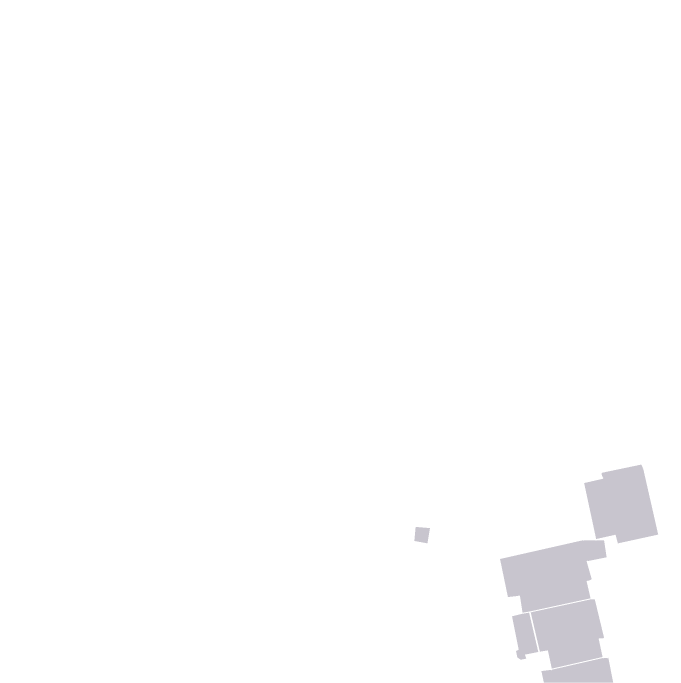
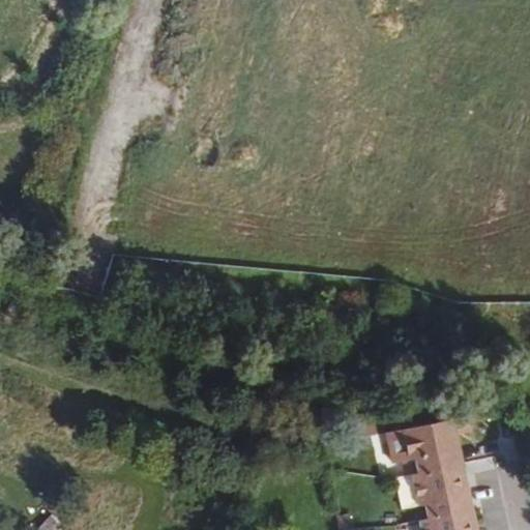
building: [584,464,659,544] -> none

